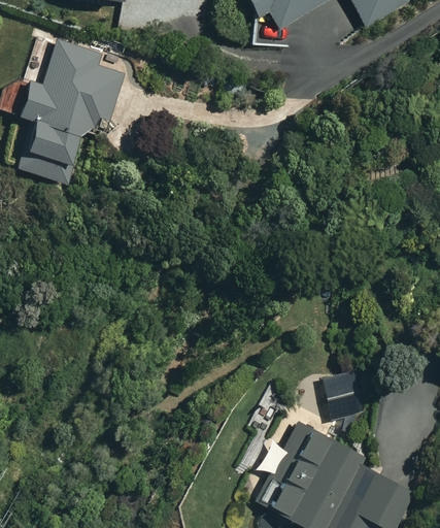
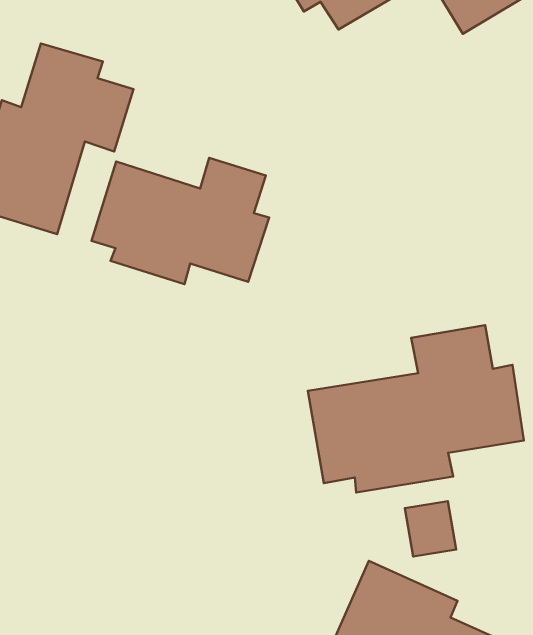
building: none -> [91,158,269,284]
building: none -> [308,325,524,493]

